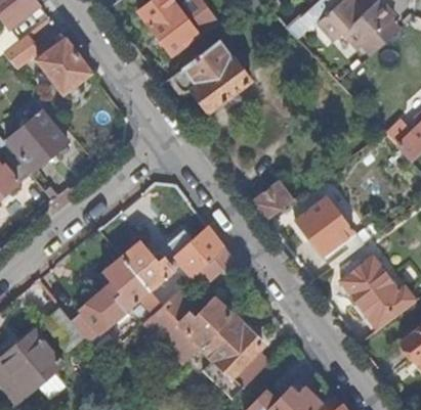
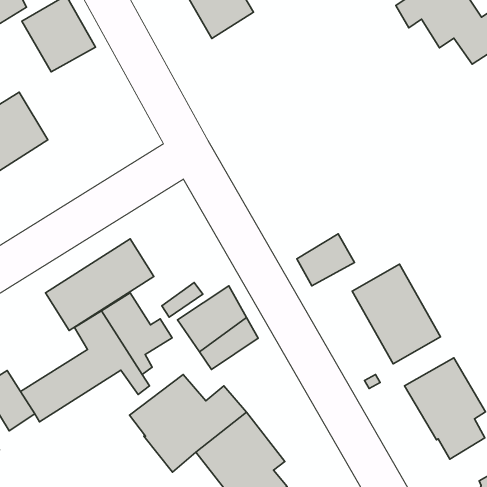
building: [173,38,251,111] -> none
building: none -> [46,239,154,331]

